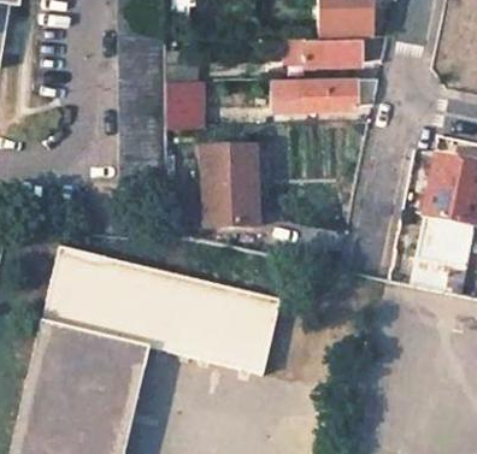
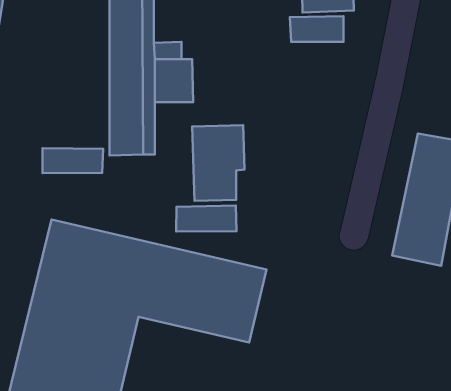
building: [289,78,357,107] -> none
building: none -> [42,148,103,173]
building: none -> [176,205,236,232]

